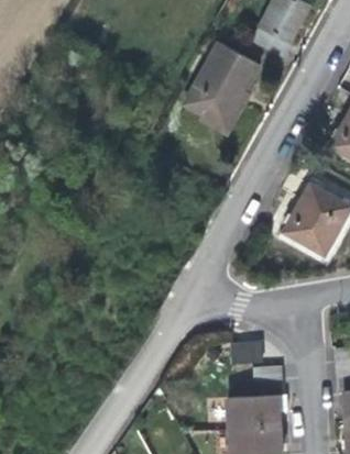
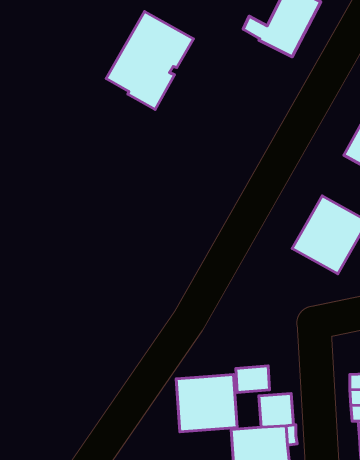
building: [183,42,263,132] -> [106,11,194,110]
building: none -> [176,374,237,432]

